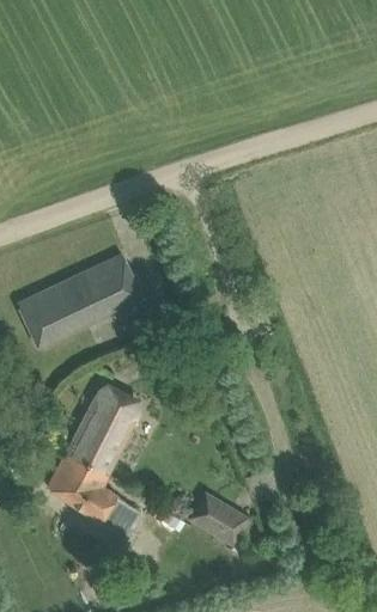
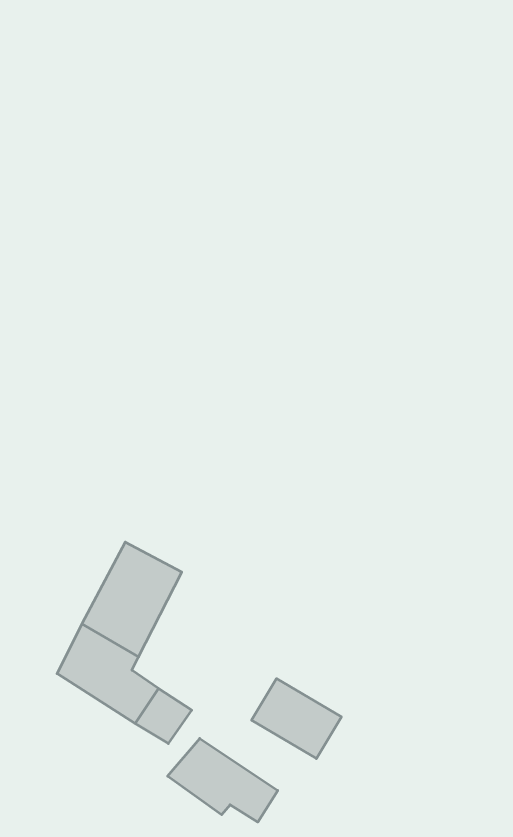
building: [17,253,141,345] -> none
building: none -> [168,738,278,822]

